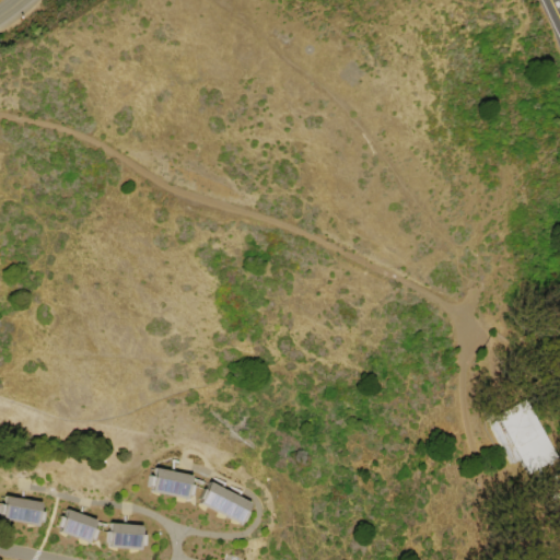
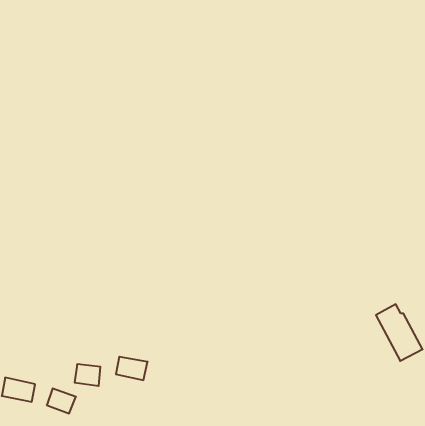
building: [202,482,253,524] -> none
building: [112,522,145,550] -> [75,364,100,386]

